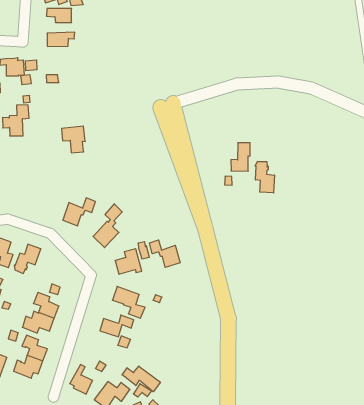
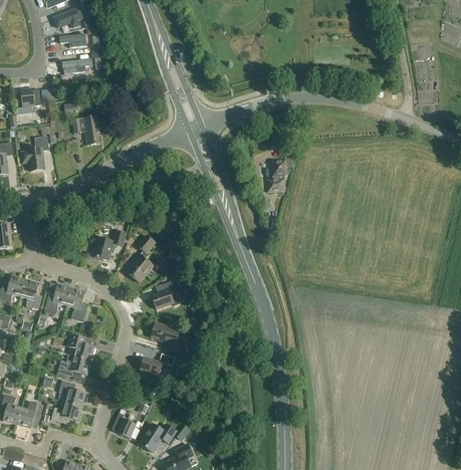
building: [62,126,85,153] -> [74,116,100,146]
building: [255,161,274,193] -> none
building: [149,240,180,267] -> none
building: none -> [66,288,88,322]
building: [122,366,160,392] -> none

